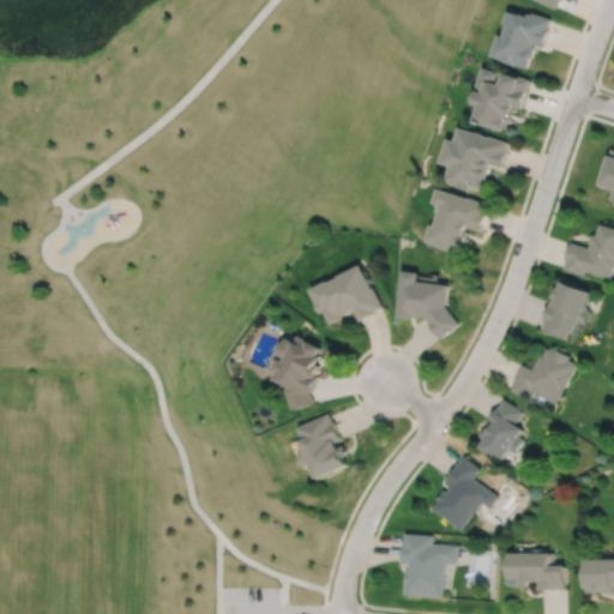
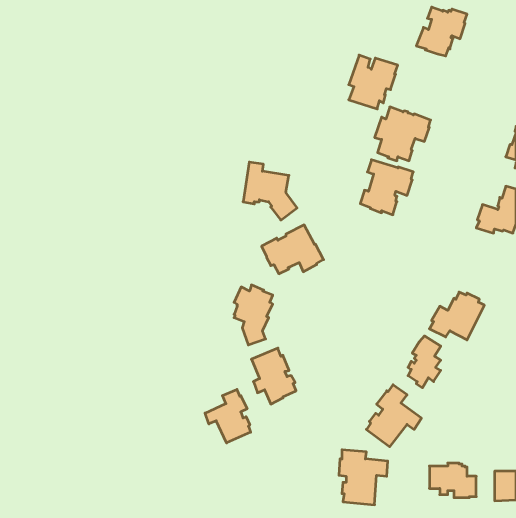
building: [472,68,530,132] -> [349,55,398,109]
building: [393,272,457,341] -> [243,162,297,220]
building: [537,284,585,337] -> none
building: none -> [205,389,251,443]

